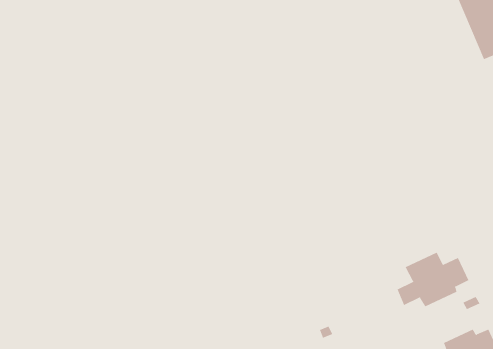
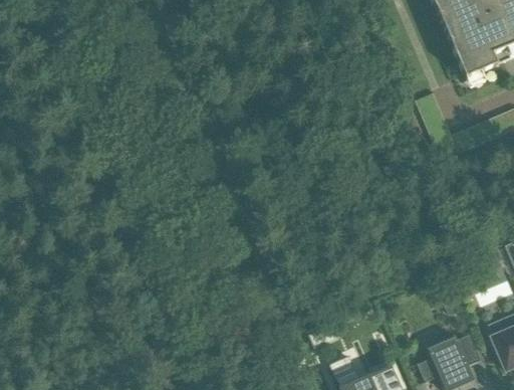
building: [397,252,469,307] -> none

